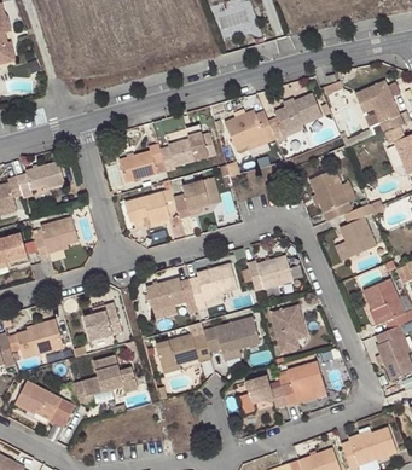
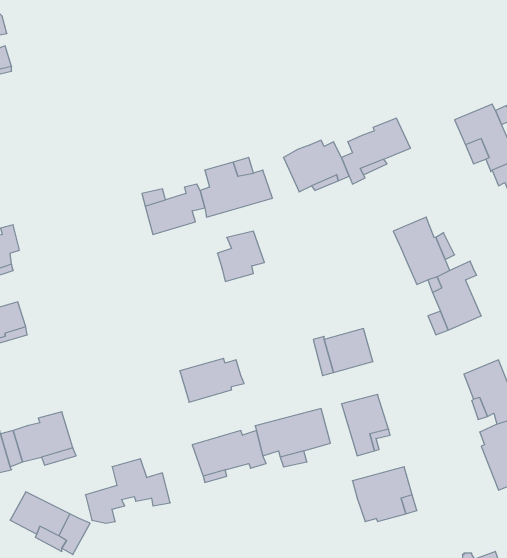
building: [17,161,64,198] -> none
building: [124,188,178,224] -> none
building: [35,217,79,256] -> none
building: [188,263,238,307] -> none
building: [83,302,122,340] -> none
building: [245,375,288,408] -> none

